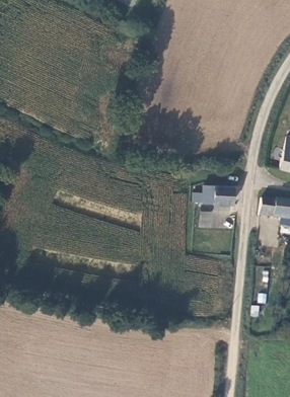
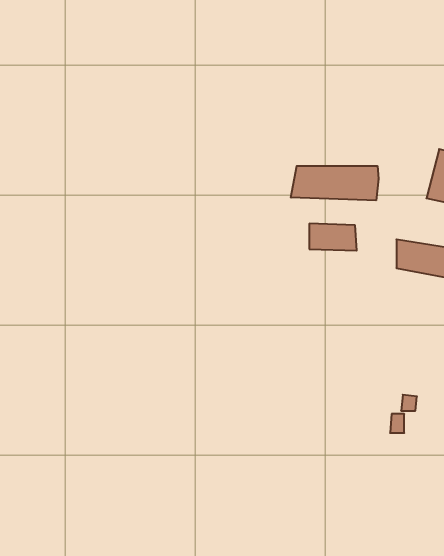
building: none -> [291,166,378,200]

